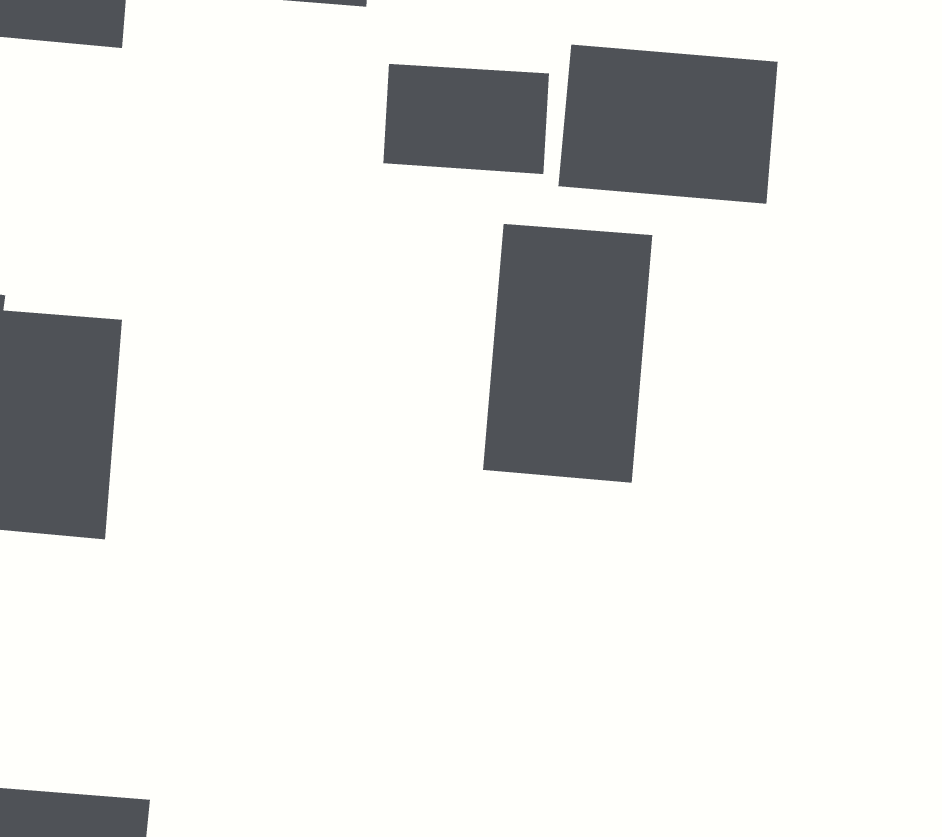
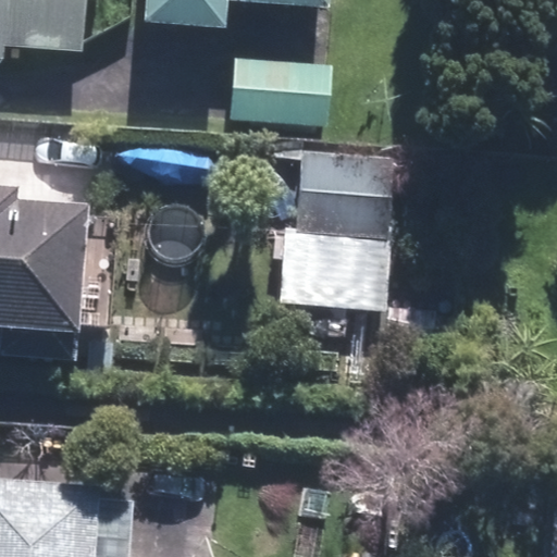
building: [558,44,778,204] -> none

